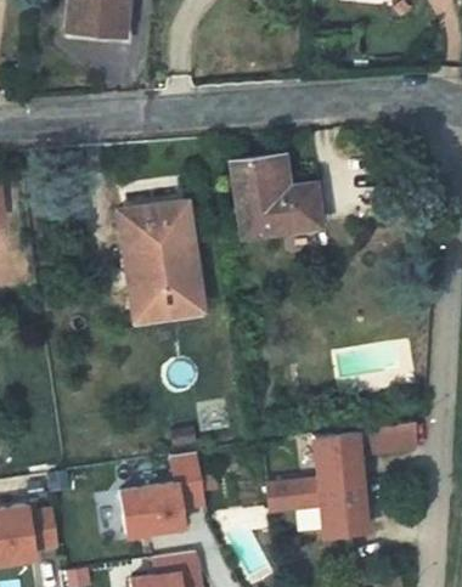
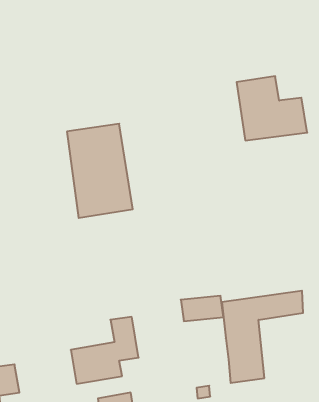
building: [224,162,312,242] -> [237,76,307,140]
building: [264,475,317,507] -> [181,296,223,321]

